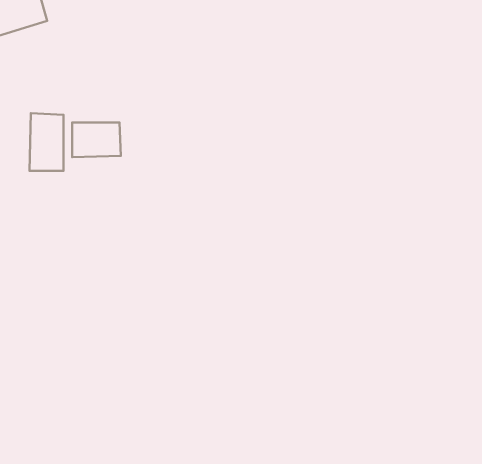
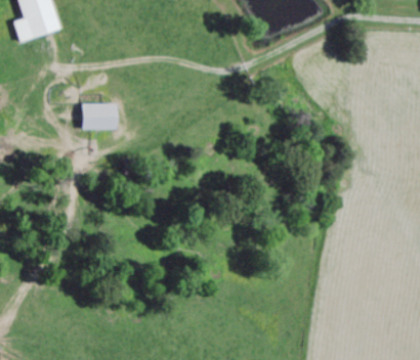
building: [29,113,64,171] -> none

